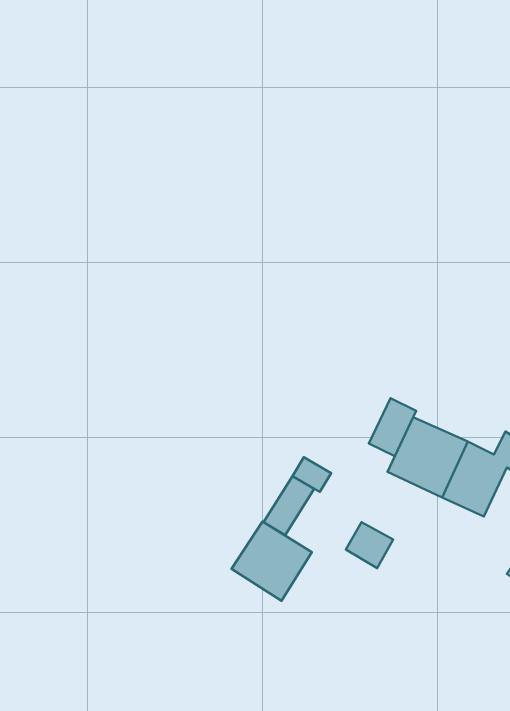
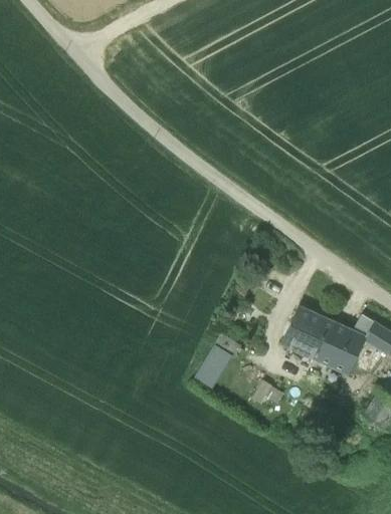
building: [369,398,416,456] -> none
building: [231,521,312,601] -> none

